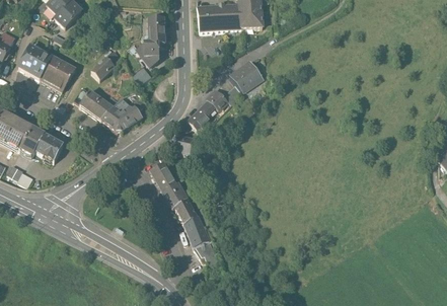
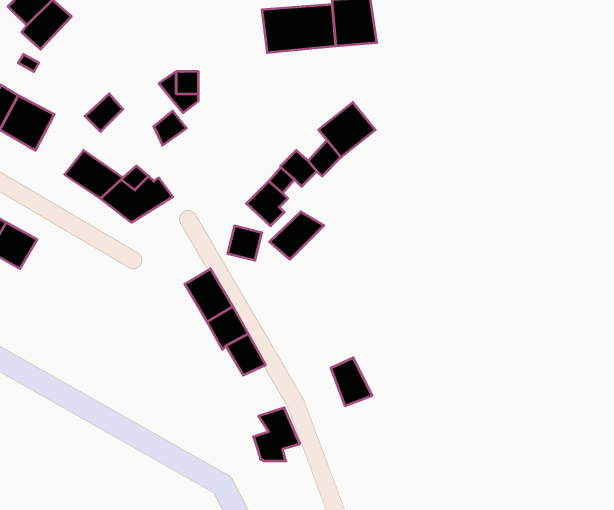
building: [148,17,165,43] -> none
building: none -> [270,212,324,259]
building: [184,216,209,244] -> [331,358,372,406]

